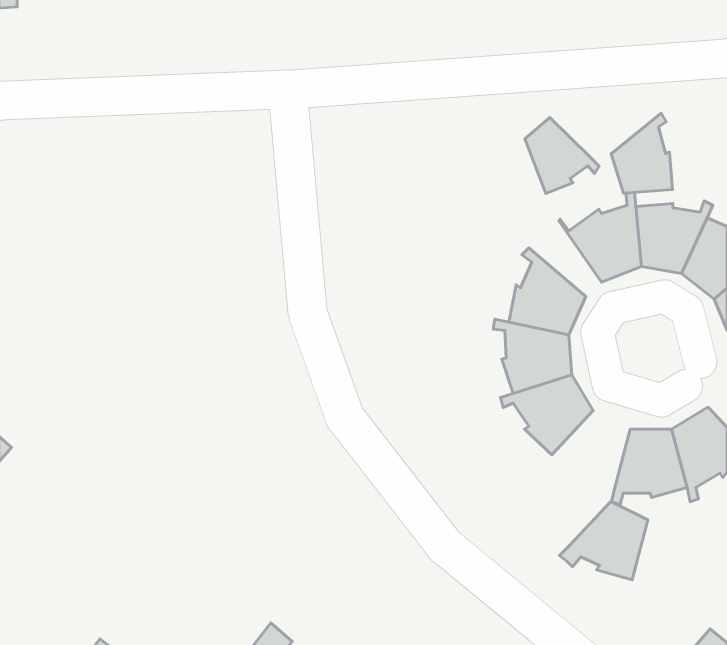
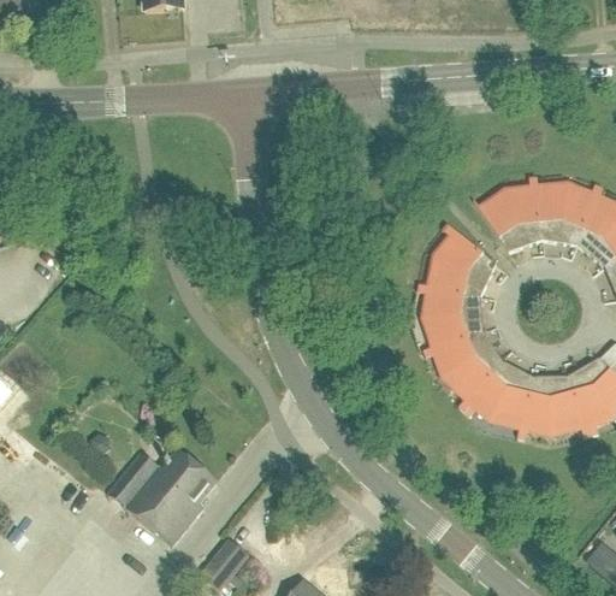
building: [611,113,673,193] -> none
building: [525,117,599,193] -> none
building: [560,501,648,580] -> [457,360,532,426]
building: none -> [107,450,217,545]

